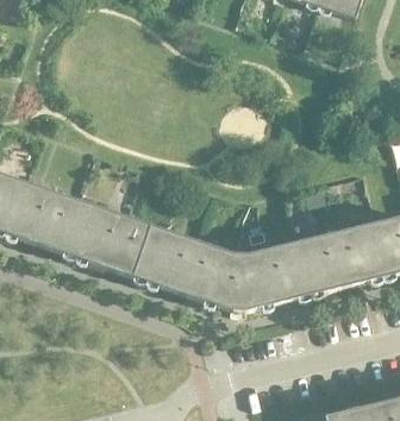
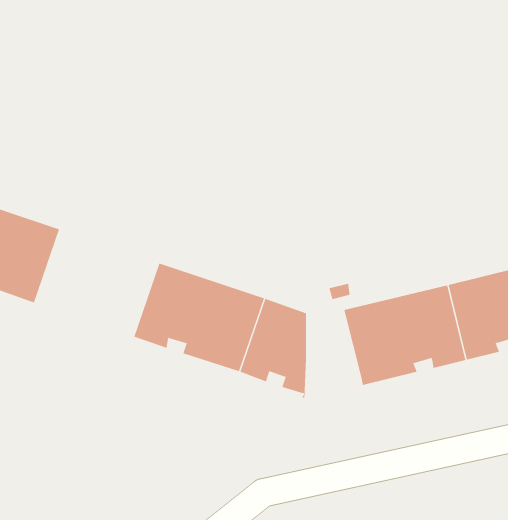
building: [39,193,127,269] -> none
building: [231,250,270,313] -> none

